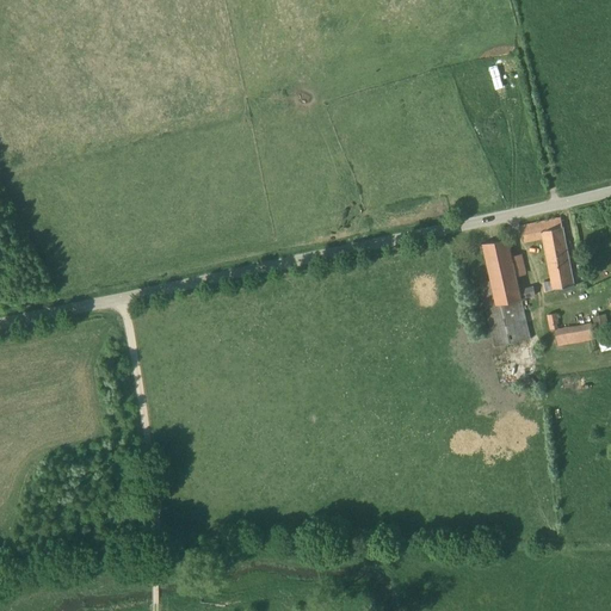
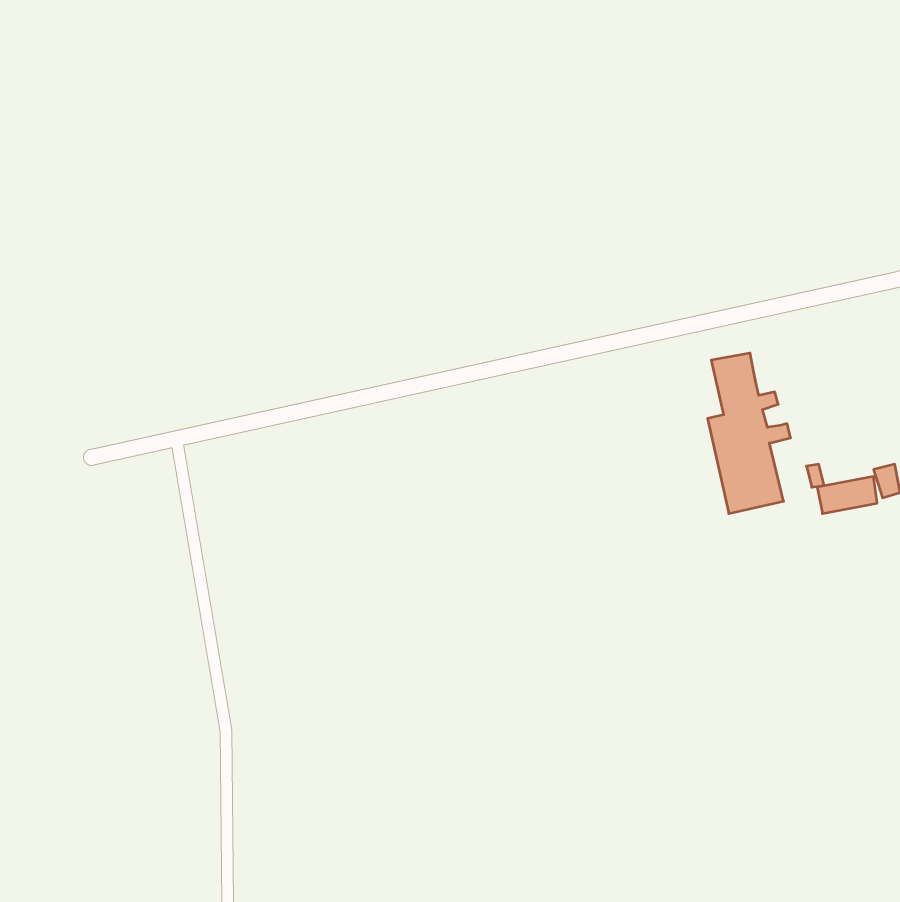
building: [520,218,574,289] -> none

